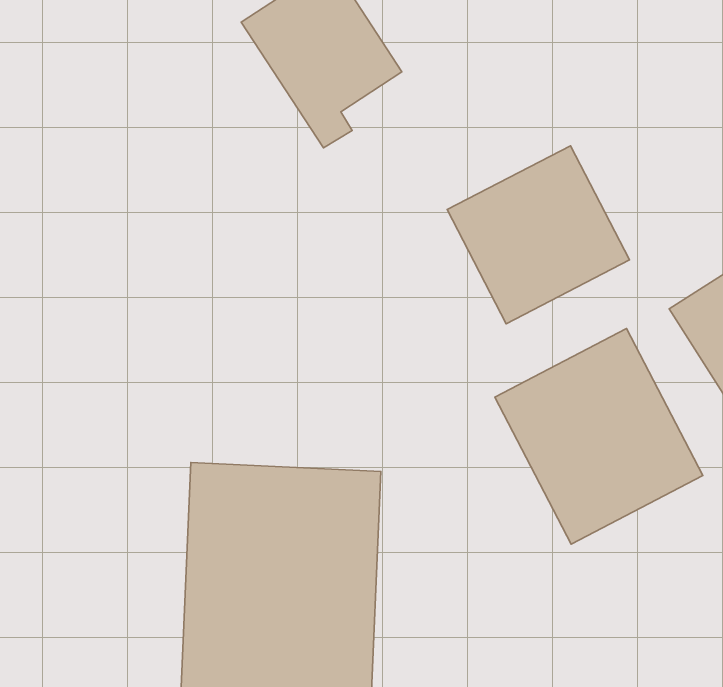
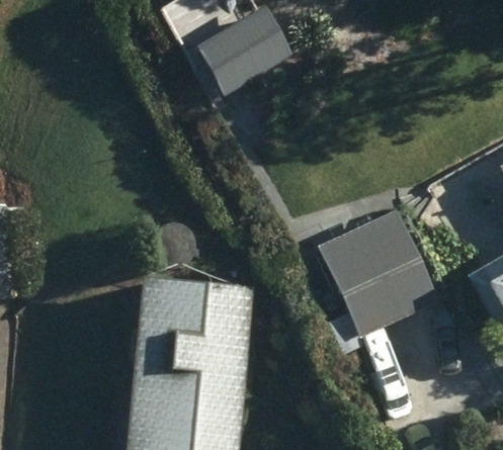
building: [447,146,630,324] -> none

